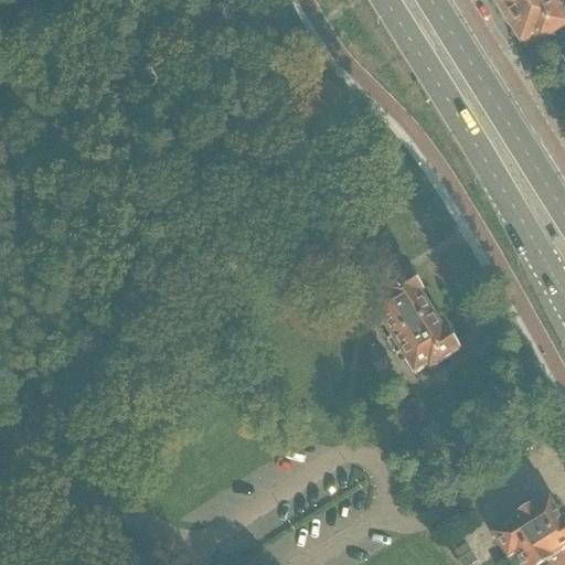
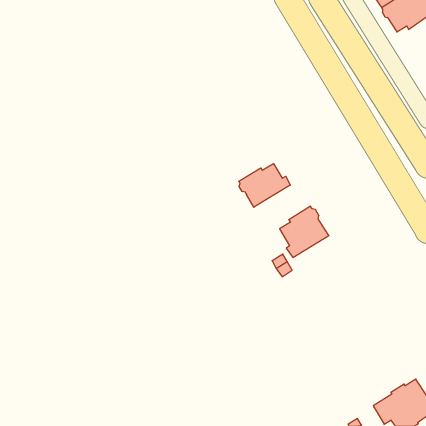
building: none -> [239,164,290,207]
building: [388,310,460,373] -> none

